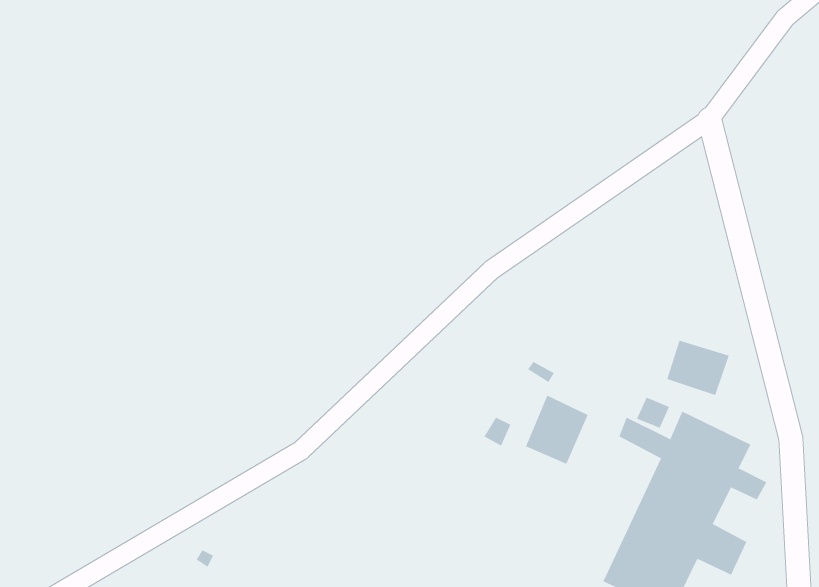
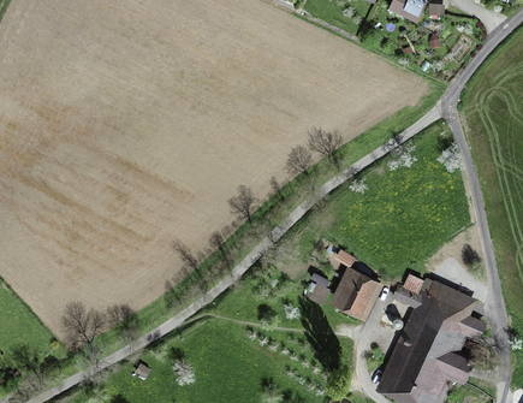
building: [667,340,729,396] -> none

